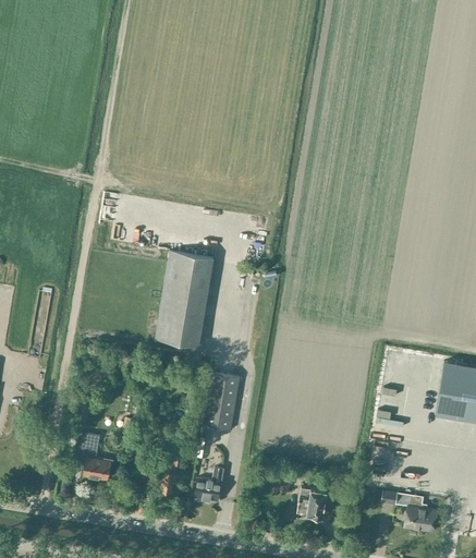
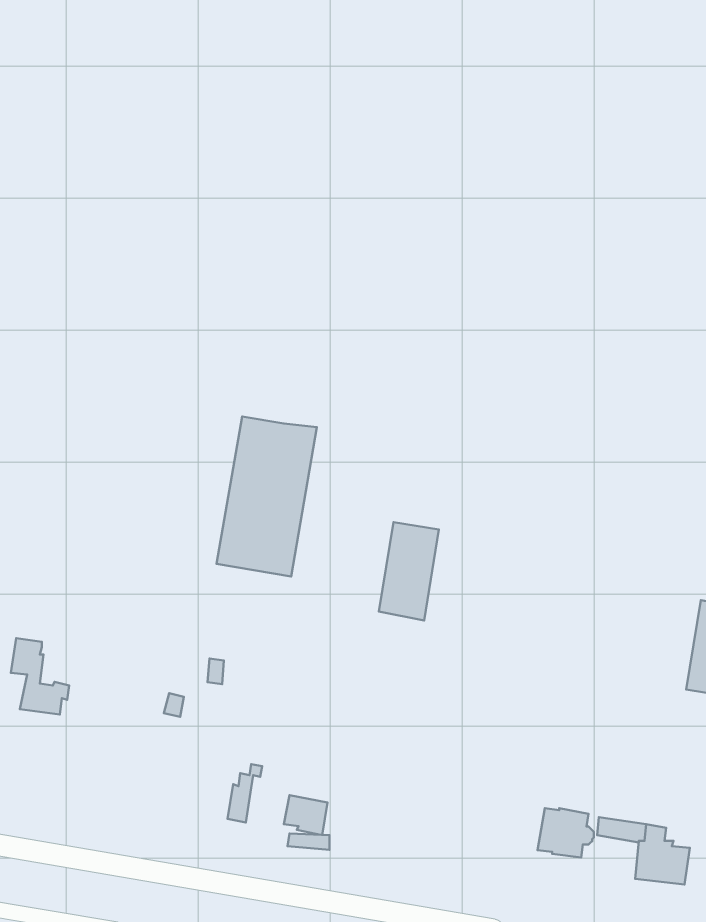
building: [204,372,240,430] -> [379,522,439,621]
building: [77,433,112,478] -> [11,638,69,715]
building: [296,487,330,517] -> [537,808,594,857]

